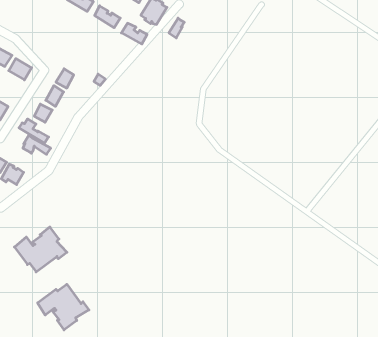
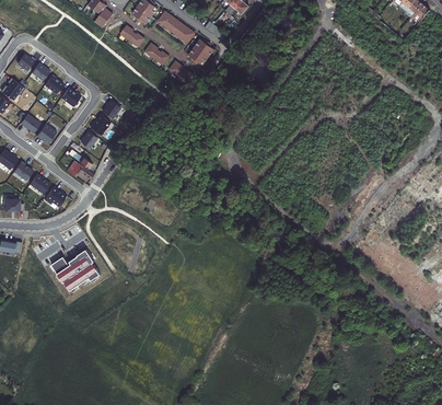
building: [38,284,89,330] -> none

